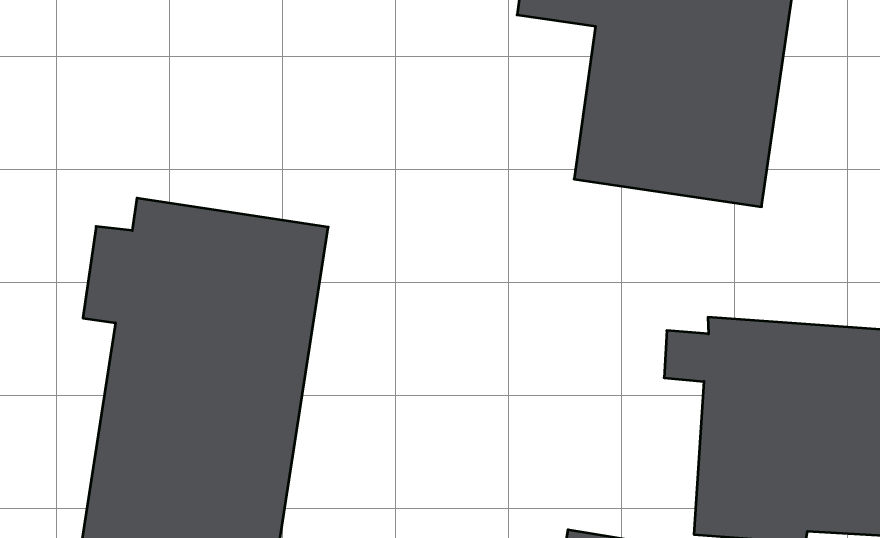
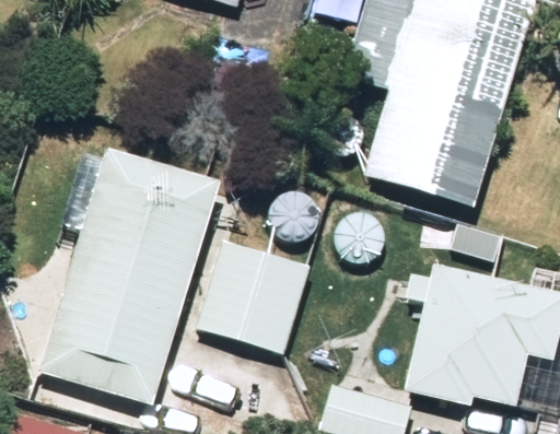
building: none -> [197,237,308,352]

